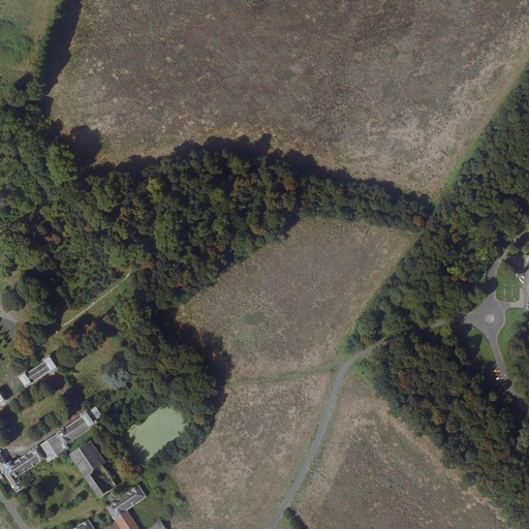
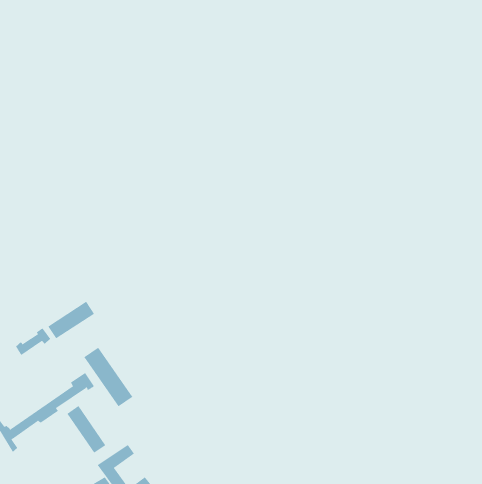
building: none -> [48,301,95,339]
building: none -> [84,347,133,407]

